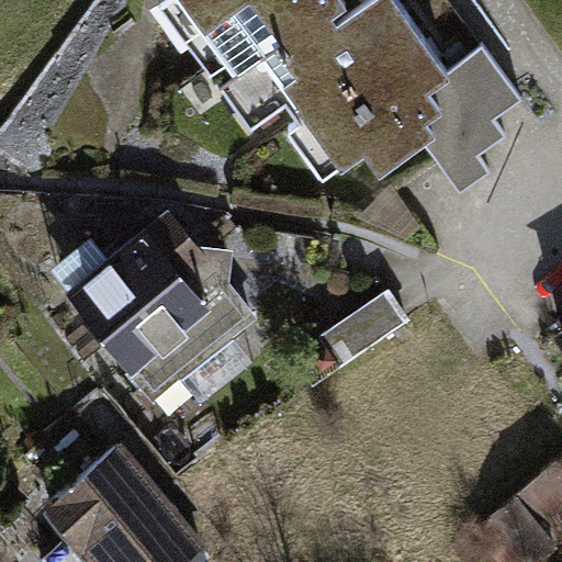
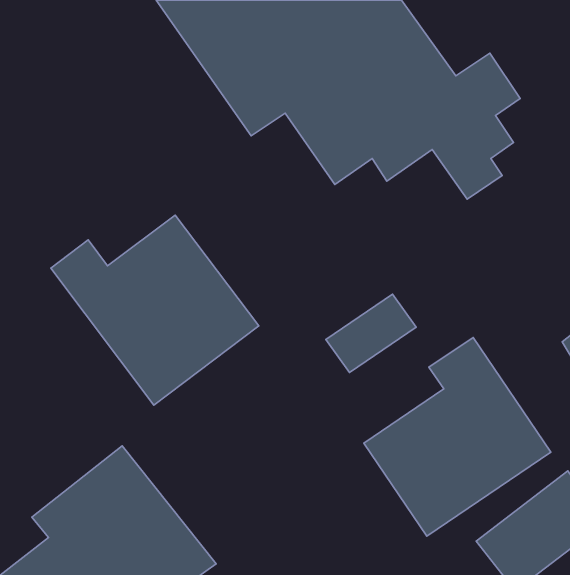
building: none -> [364,337,551,536]

